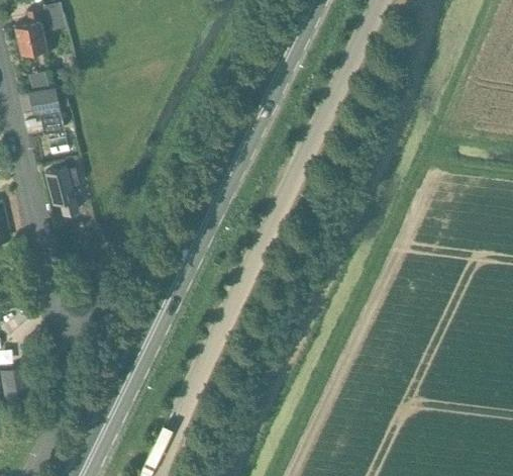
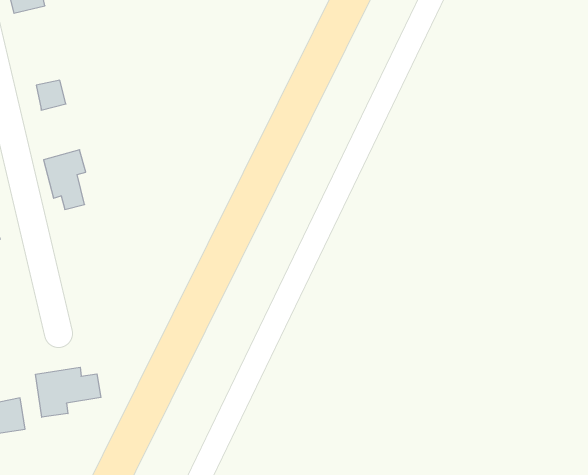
building: [28,87,59,114] -> none
building: none -> [36,367,101,417]

